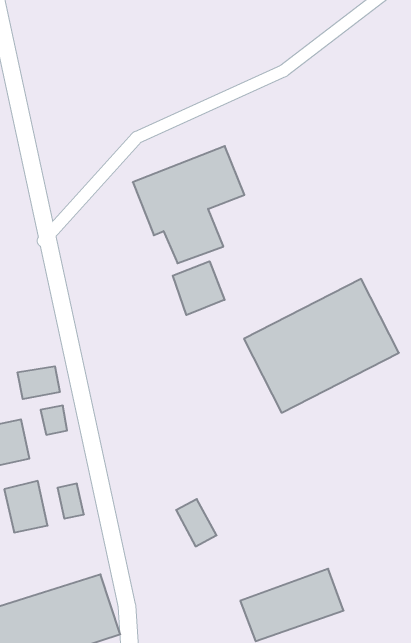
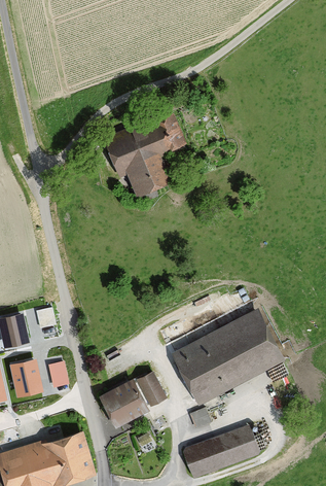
building: [173,261,225,315] -> none
building: [244,279,399,413] -> [171,308,285,407]
building: [18,366,60,399] -> none
building: none -> [99,380,148,428]

